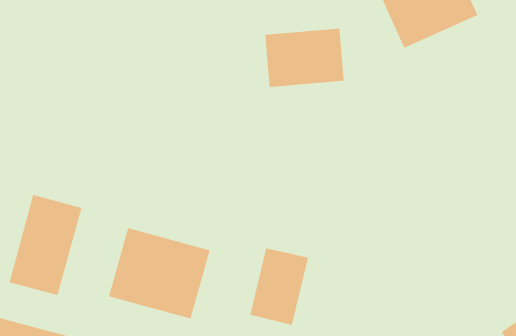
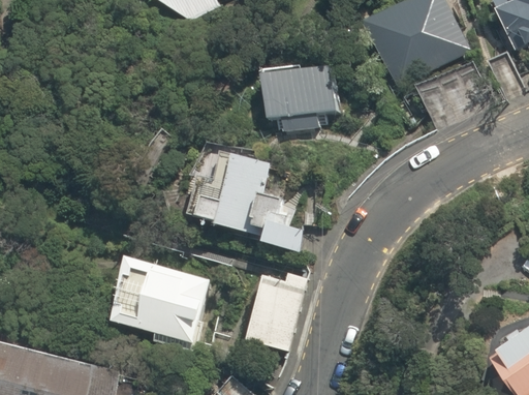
building: none -> [188,147,303,252]
building: [9,194,82,296] -> none

